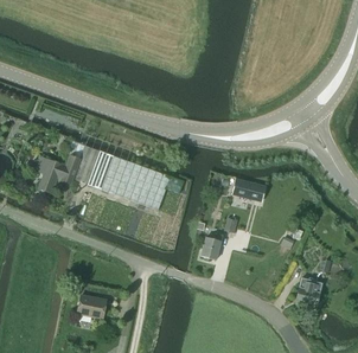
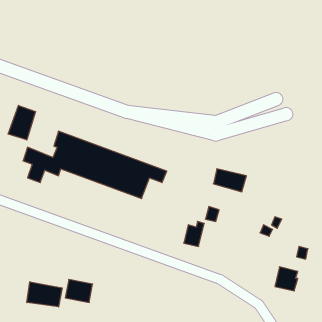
building: none -> [8,105,35,140]
building: none -> [27,282,62,307]

